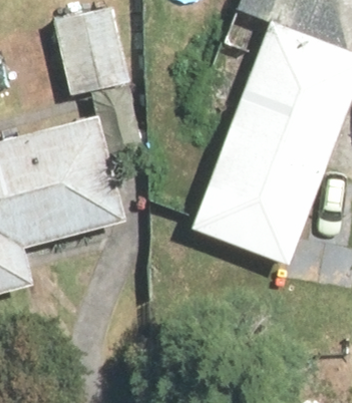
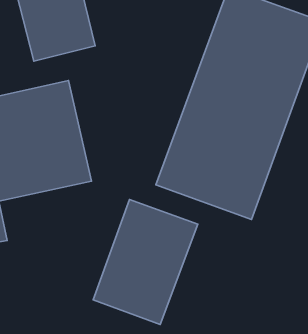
building: none -> [93,199,198,325]

